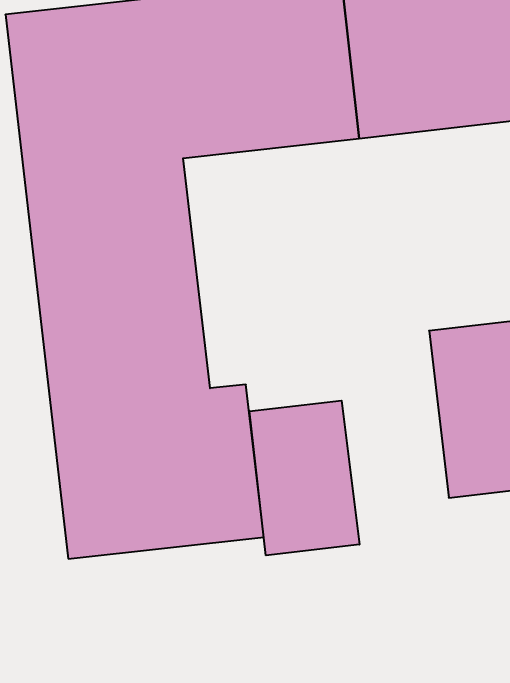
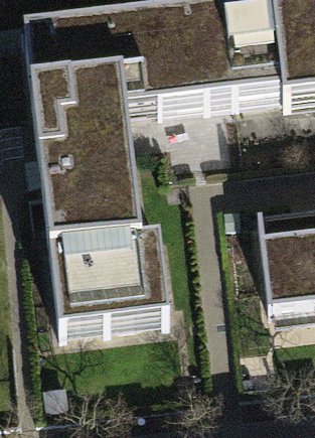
building: [250,401,359,555] -> none

